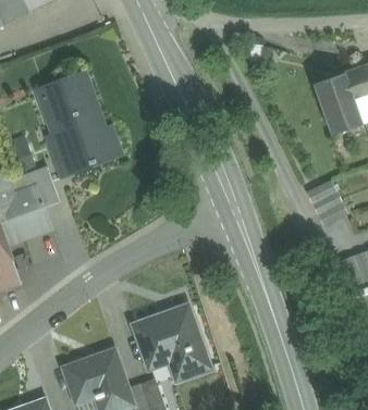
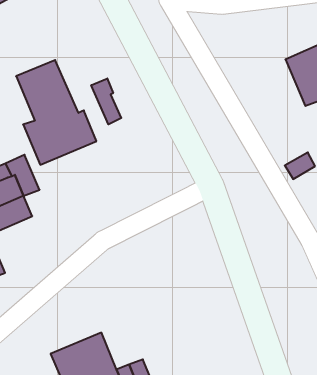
building: none -> [91,78,121,124]
building: [134,306,207,375] -> none

